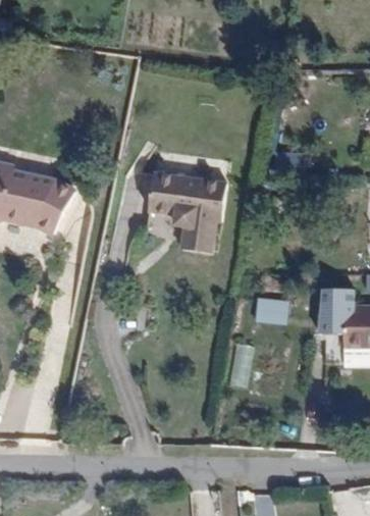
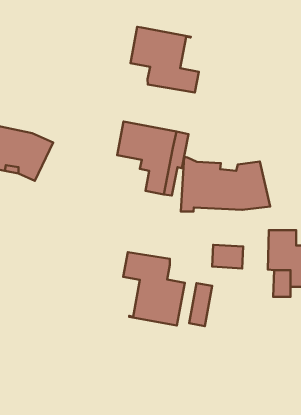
building: none -> [130,27,199,93]
building: none -> [181,157,270,212]
building: none -> [123,252,185,325]

